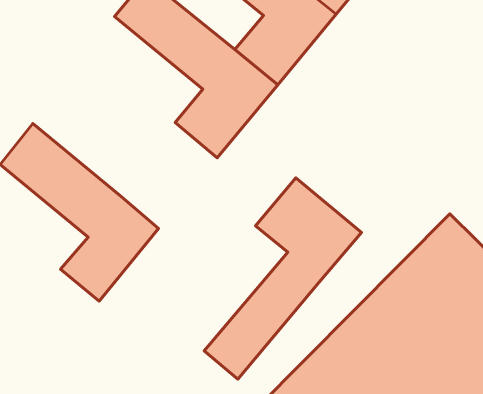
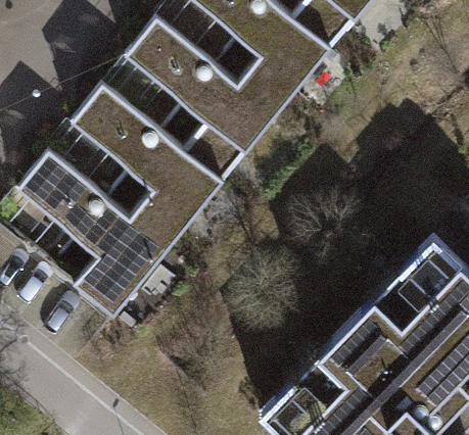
building: none -> [74,89,219,251]
building: [204,178,361,379] -> none

